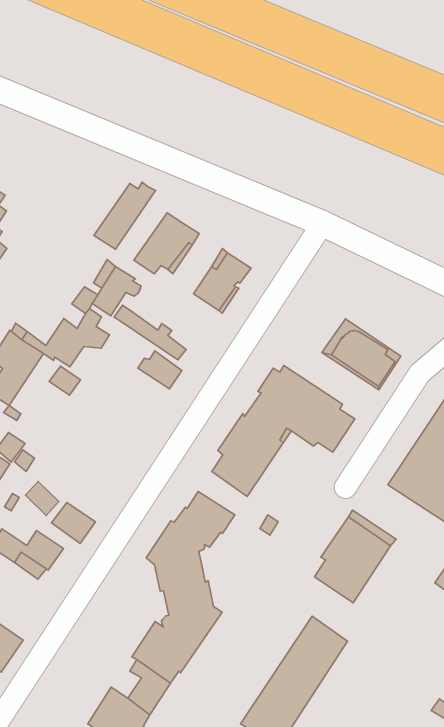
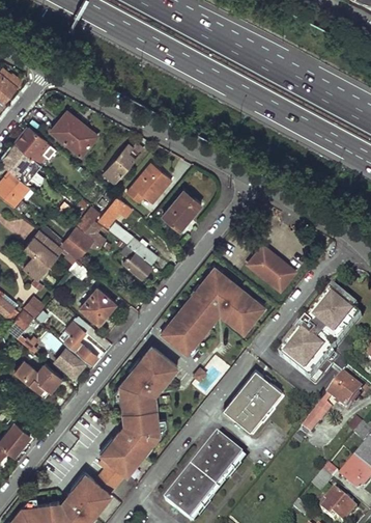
building: none -> [51,111,97,156]
building: none -> [80,288,112,323]
building: none -> [59,315,97,364]

